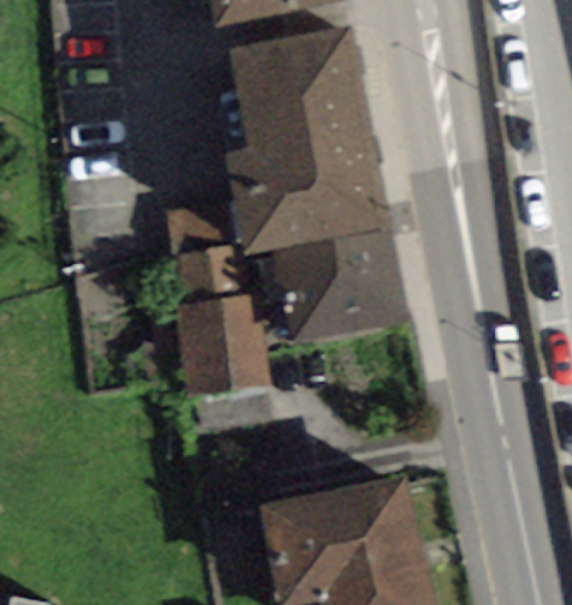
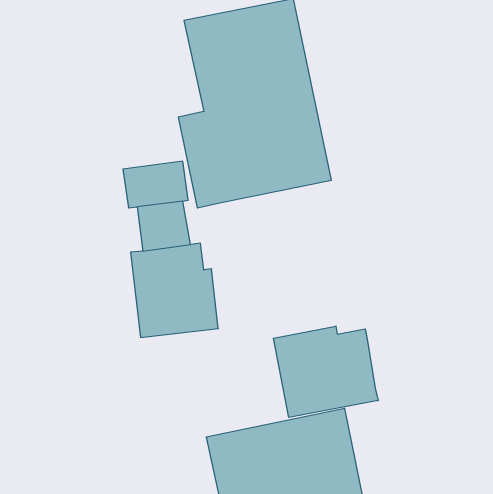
building: [273,226,411,345] -> none
building: none -> [273,326,378,417]

